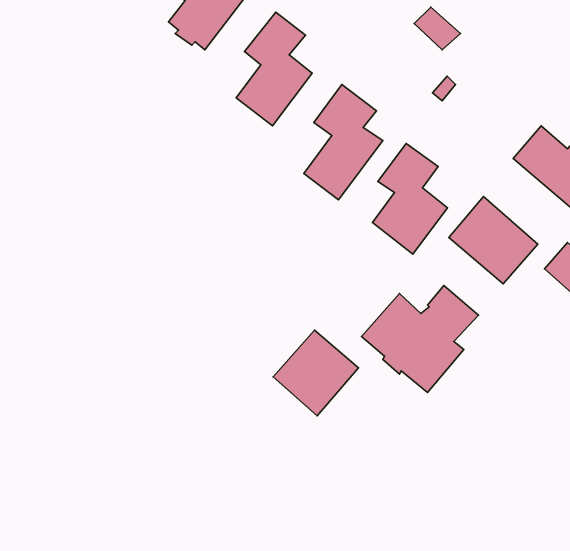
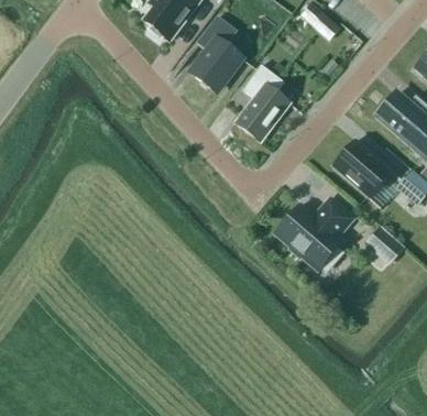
building: [372,143,448,254] -> none
building: none -> [366,226,403,261]
building: [273,330,358,416] -> none

